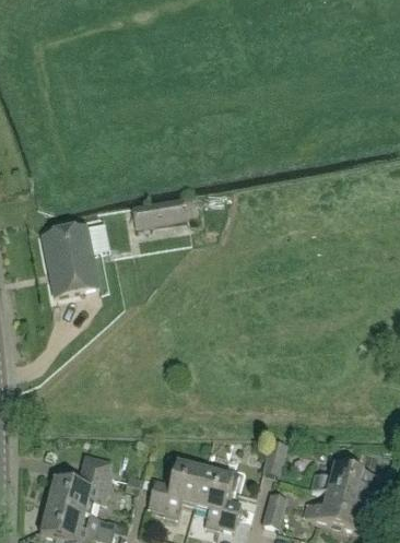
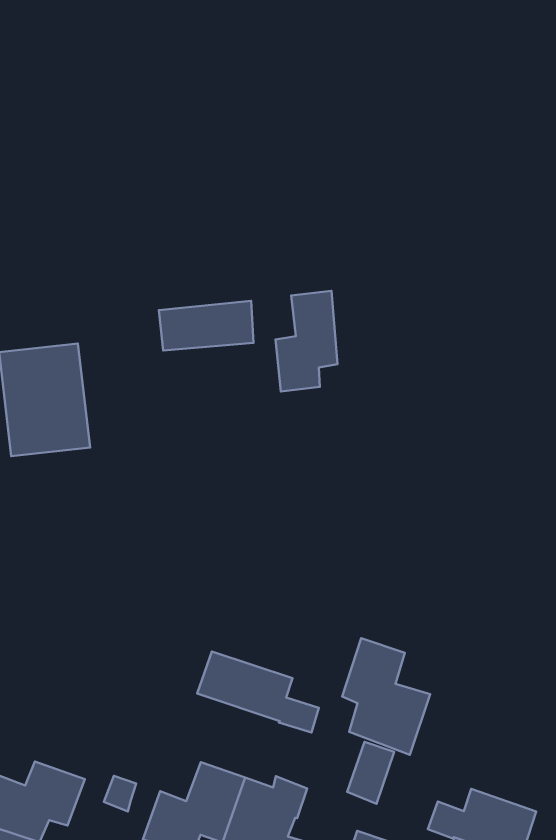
building: none -> [276,291,338,392]
building: none -> [342,638,430,755]
building: none -> [197,651,319,732]

